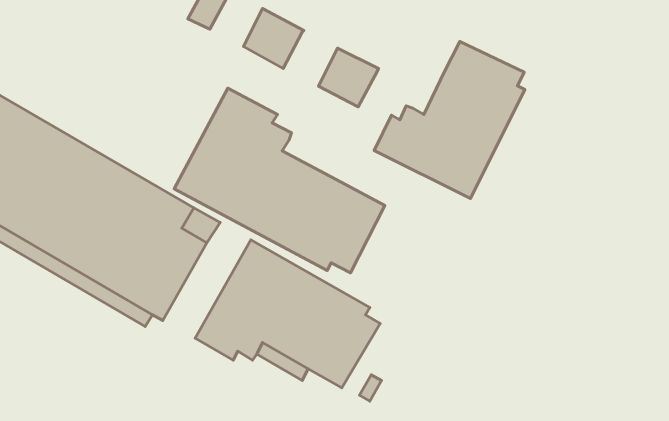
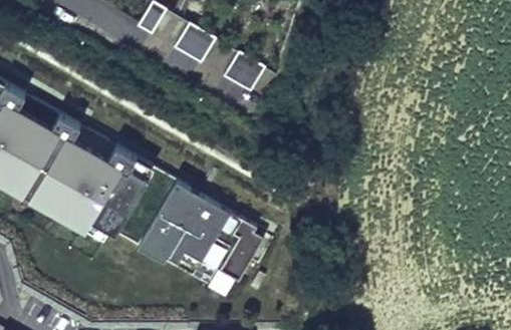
building: [374,41,525,198] -> none
building: [174,88,385,273] -> none

